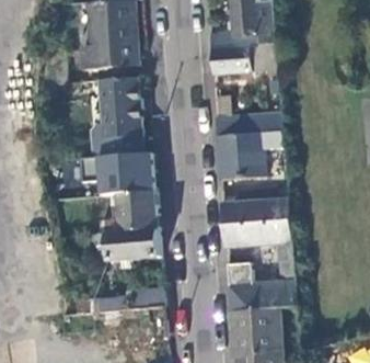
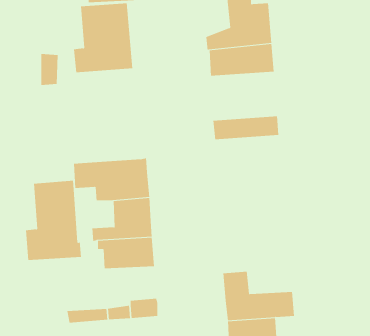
building: [90,80,144,158] -> [25,180,82,261]
building: [216,132,280,181] -> none
building: [219,197,291,279] -> none

